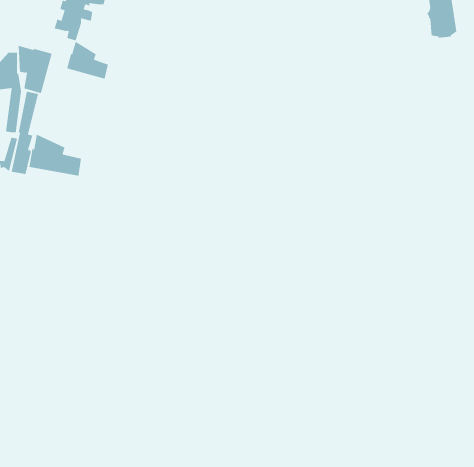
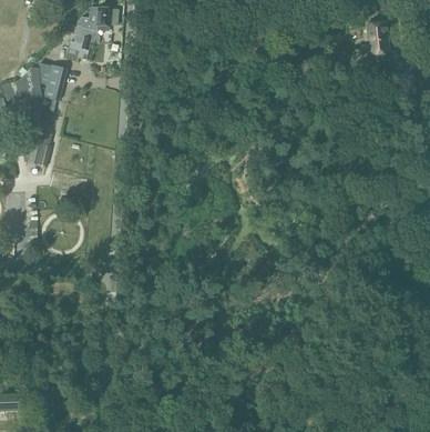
building: [66,41,108,79] -> none
building: [29,134,82,176] -> none

